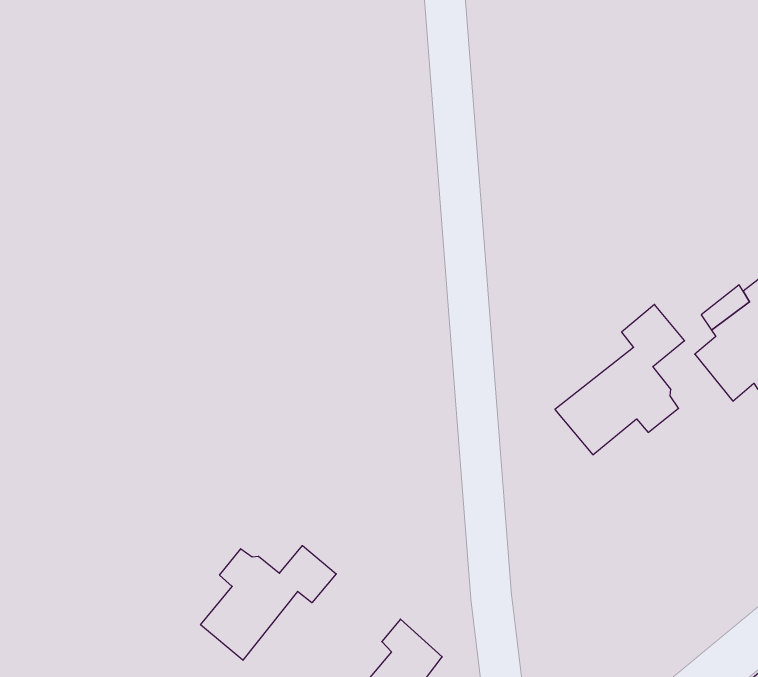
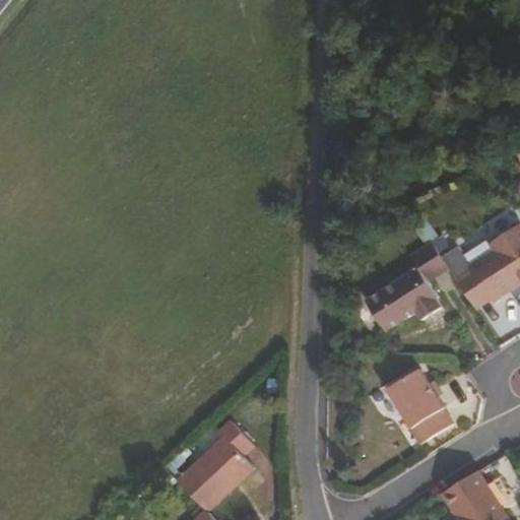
building: none -> [378,368,444,446]
building: [201,546,336,660] -> none

